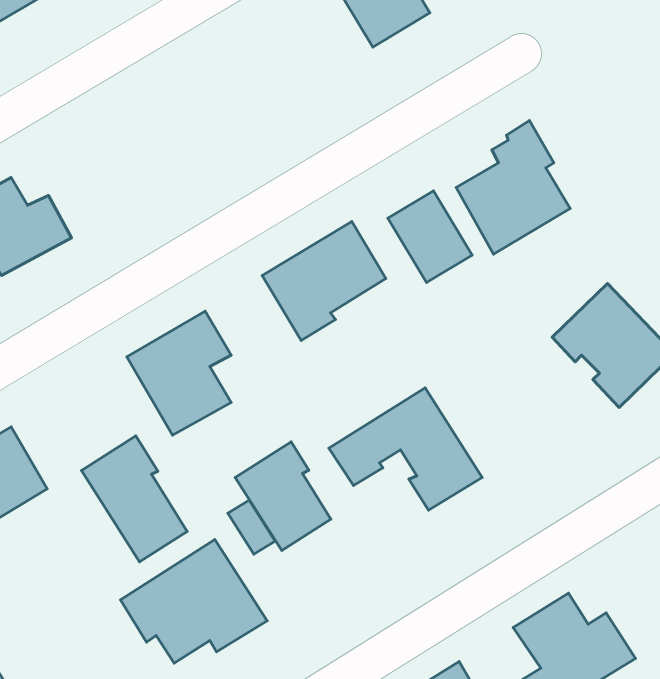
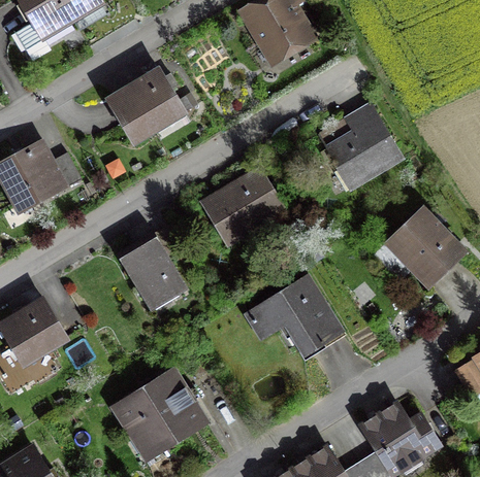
building: none -> [105,68,191,145]
building: [388,191,472,283] -> none
building: [81,436,187,562] -> none
building: [235,442,331,551] -> none

